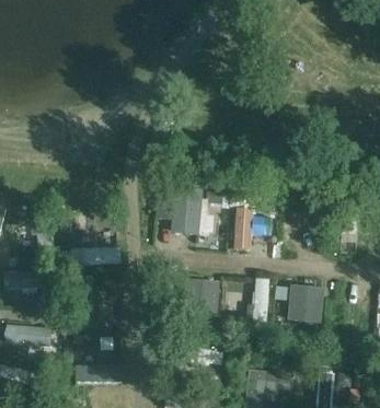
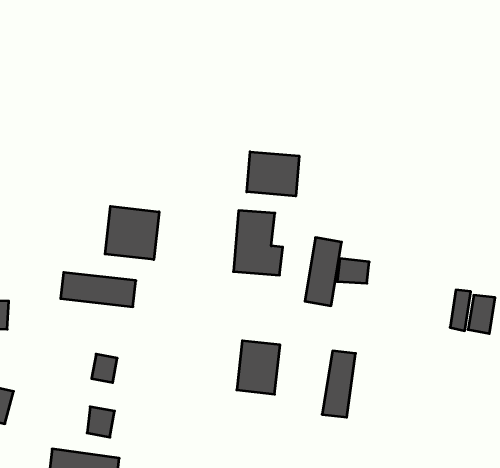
building: none -> [247,152,299,196]
building: none -> [105,206,159,260]
building: [288,283,323,323] -> none

